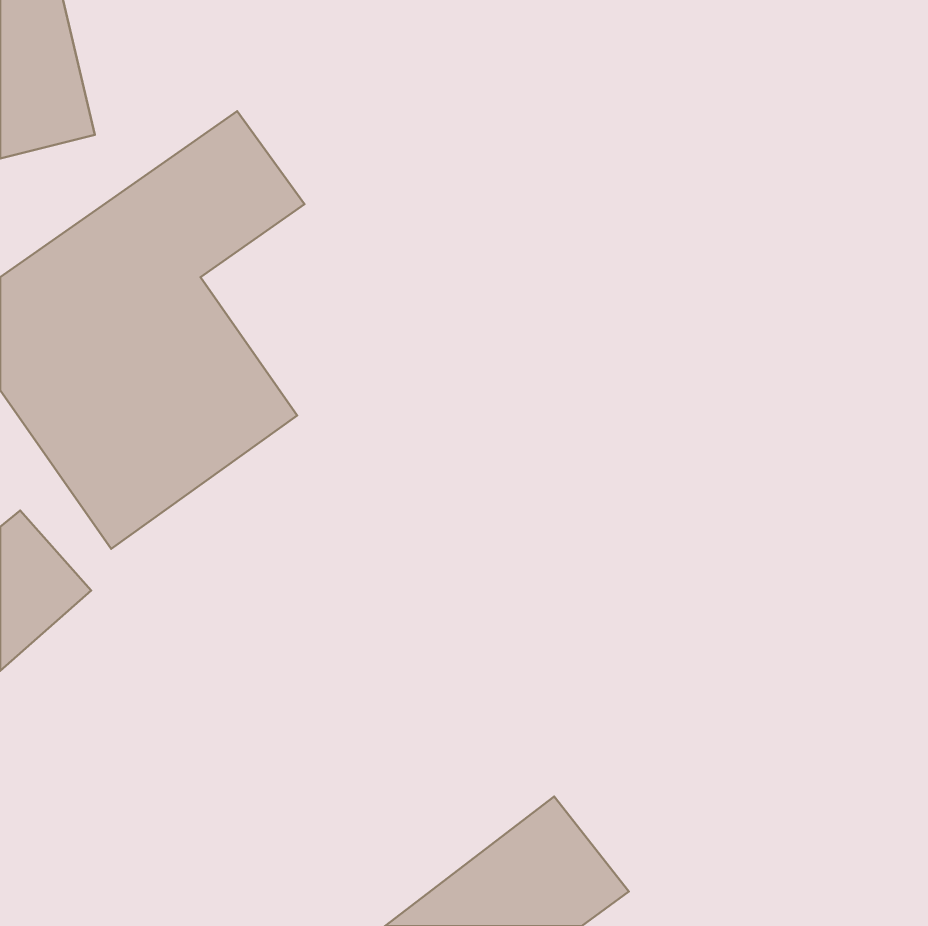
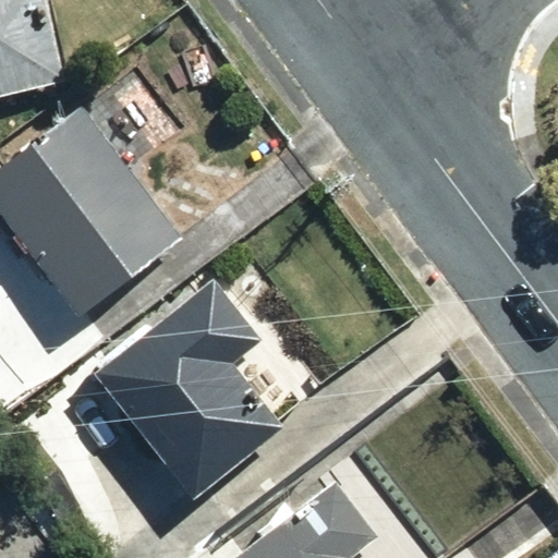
building: none -> [94,281,279,496]

